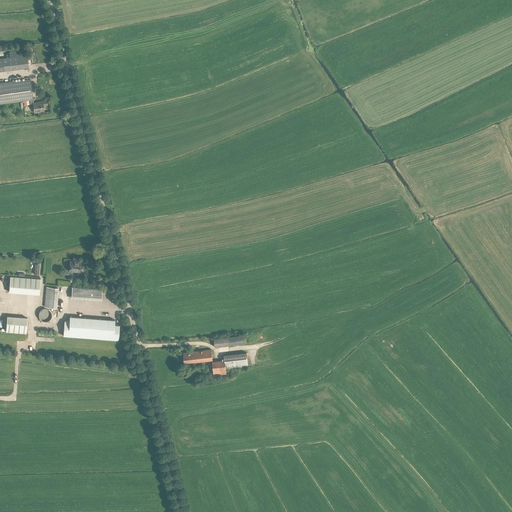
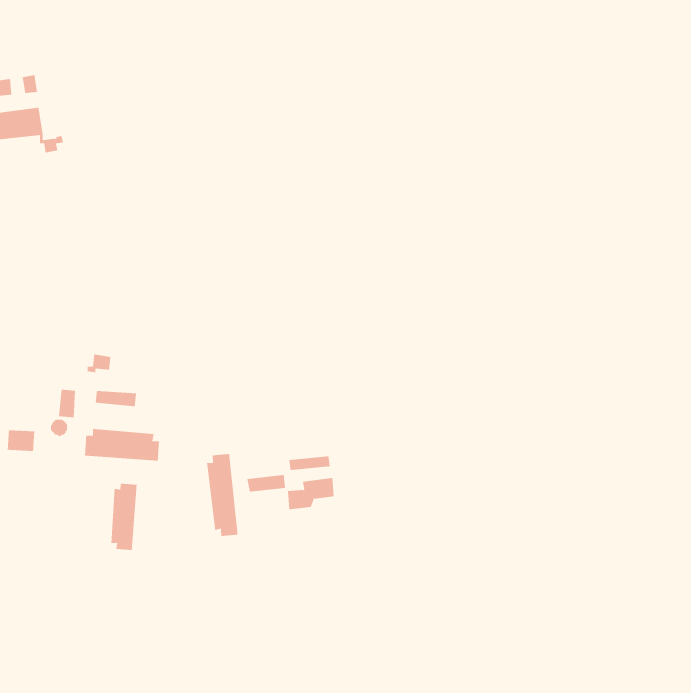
building: [8,277,39,294] -> none
building: none -> [207,453,238,537]
building: none -> [111,483,137,551]

